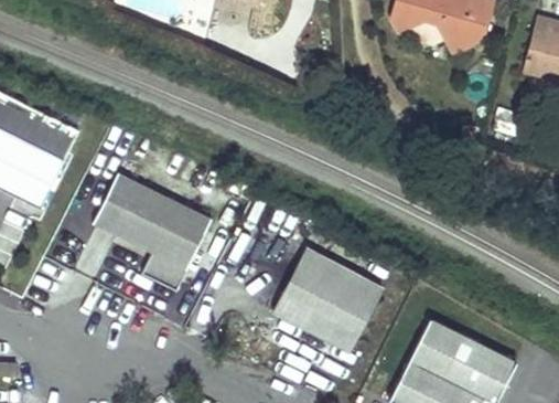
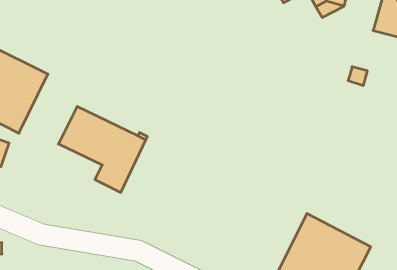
building: [273,246,384,350] -> none

